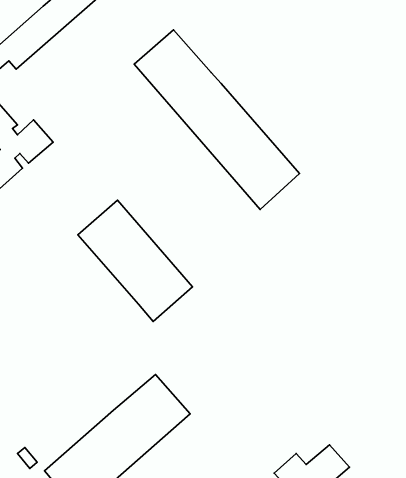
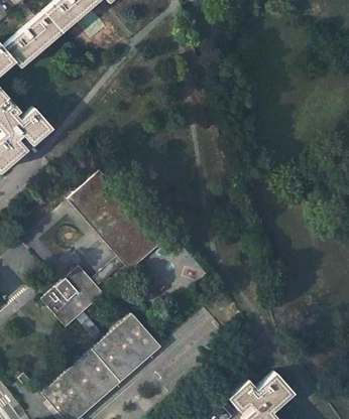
building: [134,30,299,209] -> none
building: none -> [42,267,103,326]

